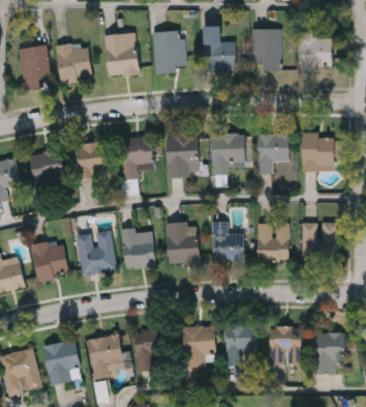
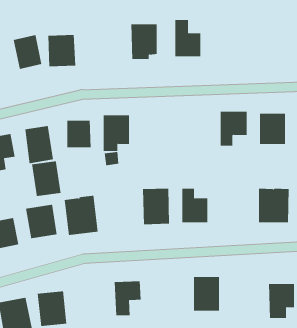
building: [251,28,279,70] -> none
building: [103,33,139,78] -> none
building: [299,34,331,68] -> none
building: [211,133,245,175] -> none
building: [166,135,197,177] -> none
building: none -> [31,160,61,197]
building: [256,224,288,262] -> none
building: [121,228,155,268] -> none
building: [182,325,215,365] -> none
building: [269,326,301,364] -> none
building: [88,335,122,377] -> none

